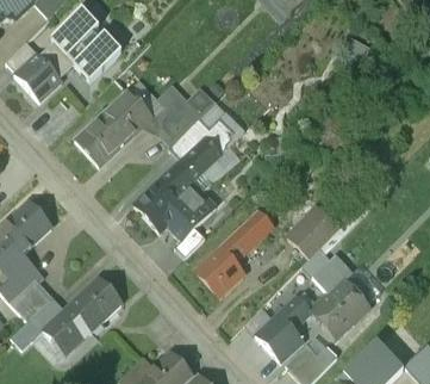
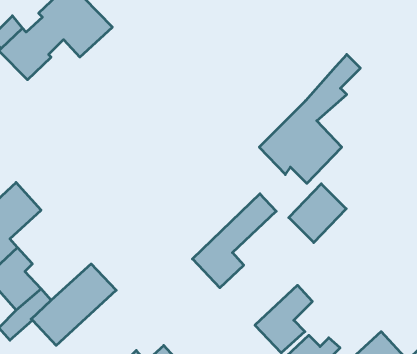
building: [75,87,156,167] -> none
building: [155,88,216,142] -> none
building: [137,117,233,240] -> [259,54,360,183]
building: [312,260,368,337] -> none

